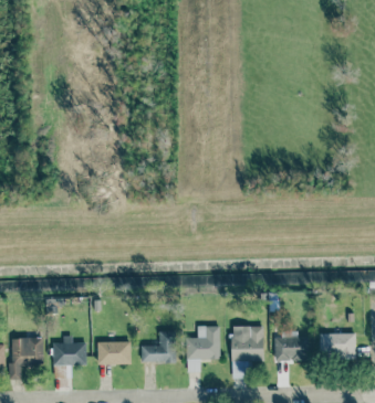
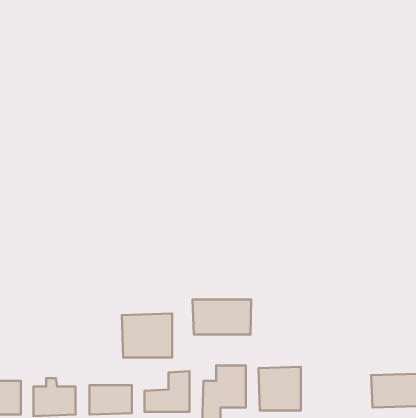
building: none -> [193,300,251,335]
building: none -> [122,314,172,357]
building: [274,336,309,361] -> none

